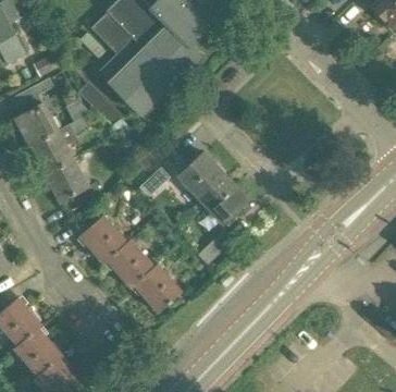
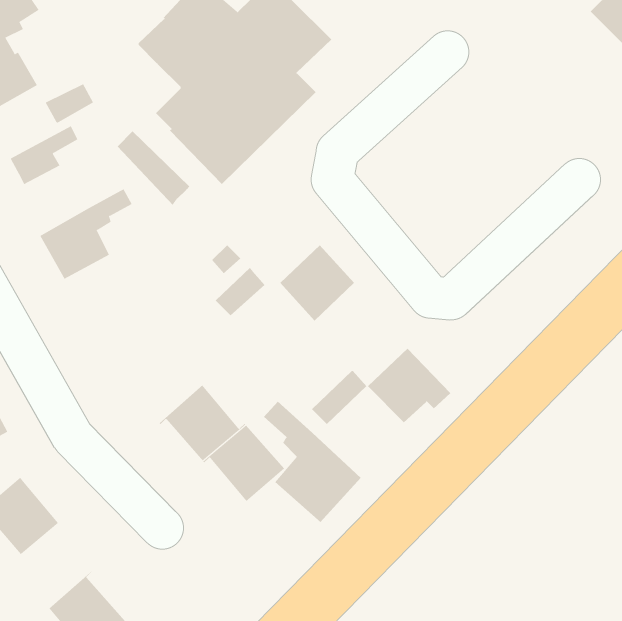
building: [14,102,60,147] -> none
building: [45,159,102,208] -> none
building: [200,176,252,223] -> [367,348,451,423]
building: [79,216,131,264] -> none
building: none -> [263,401,362,523]
building: [14,326,62,379] -> none

